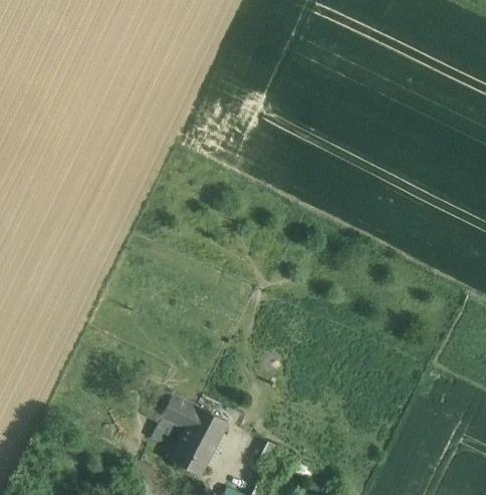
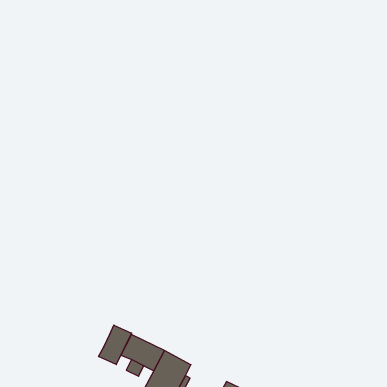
building: none -> [99,325,132,365]

